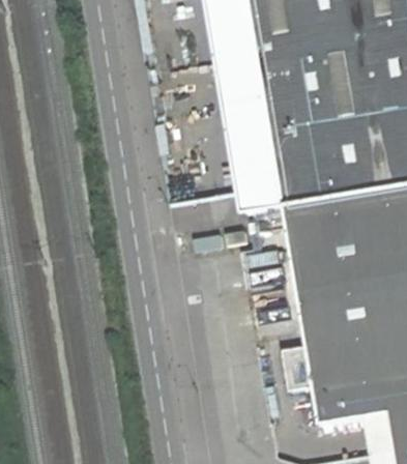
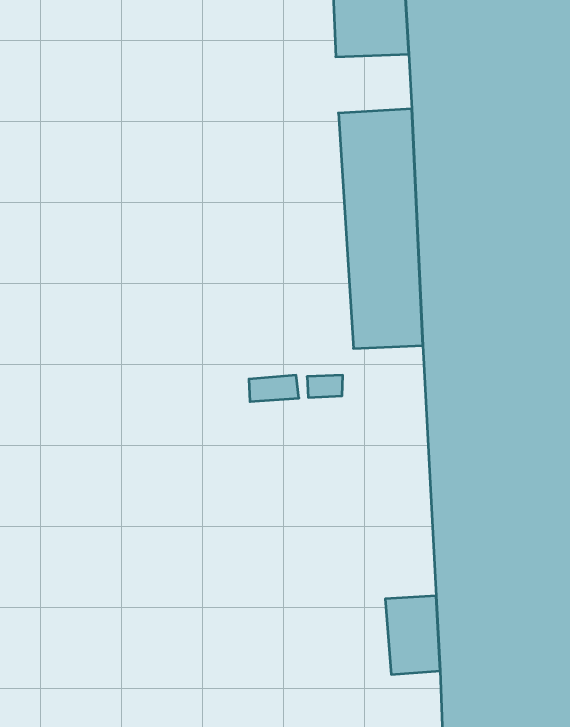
building: [223,49,268,86] -> none

